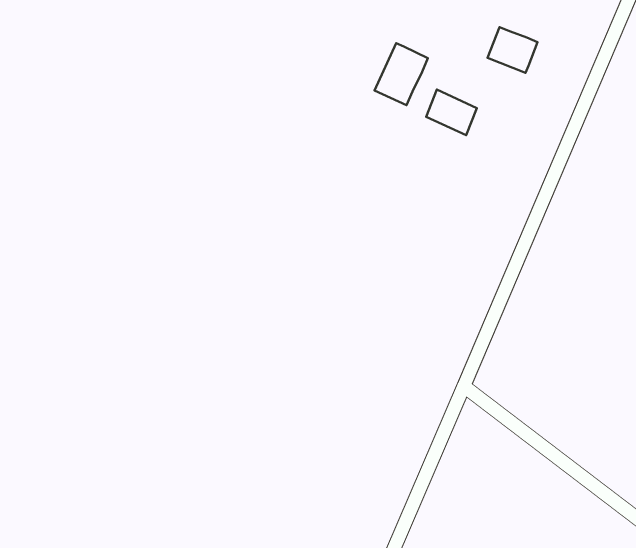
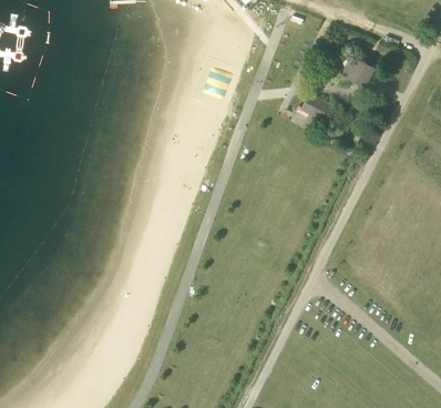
building: [375,43,428,105] -> none

